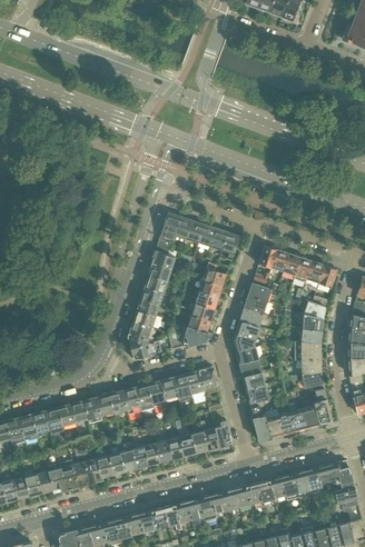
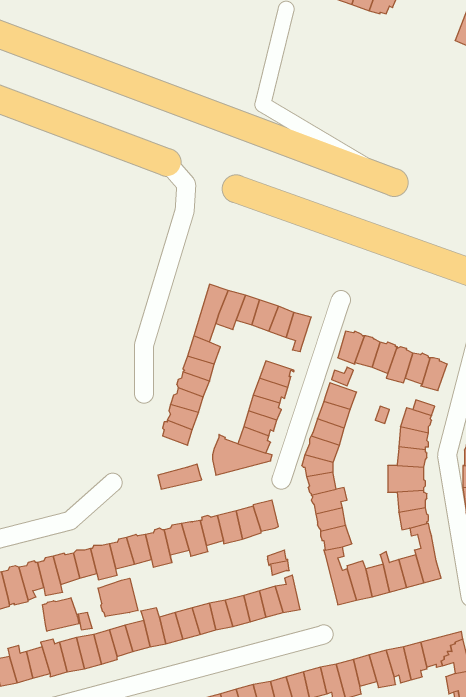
building: [128,321,155,349] -> none
building: none -> [98,578,138,617]
building: none -> [43,598,79,631]

